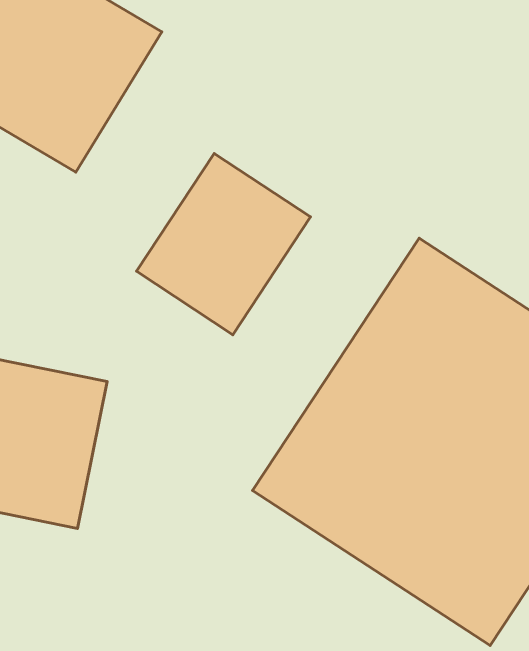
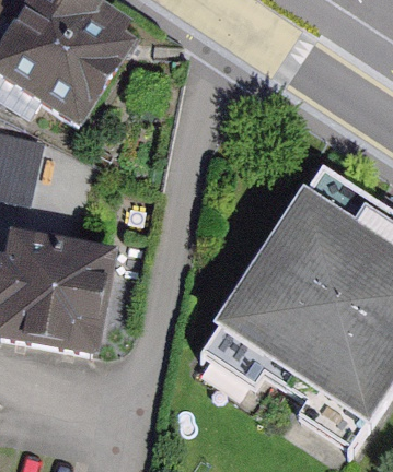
building: [136,153,311,335] -> none

